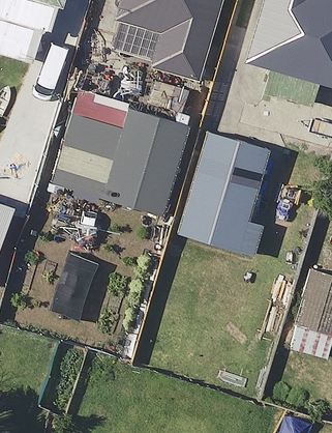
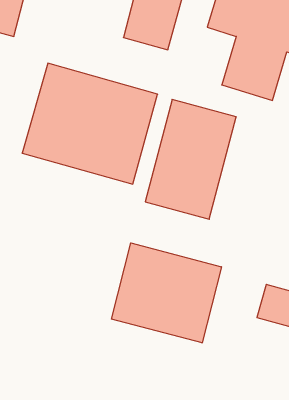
building: none -> [111,243,221,343]

